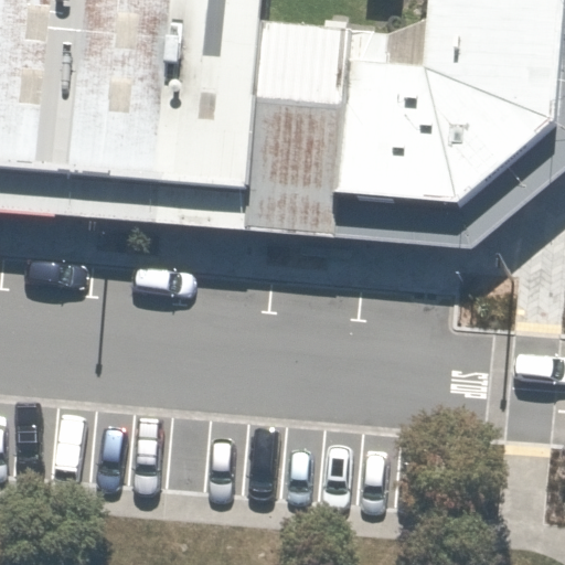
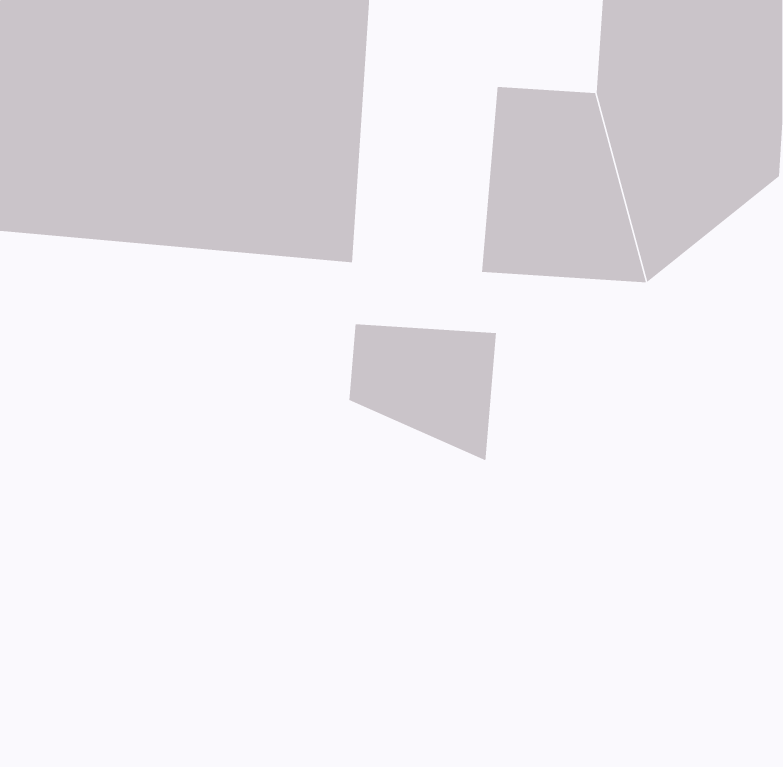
building: [248,19,355,234] -> none
building: none -> [349,324,496,461]

